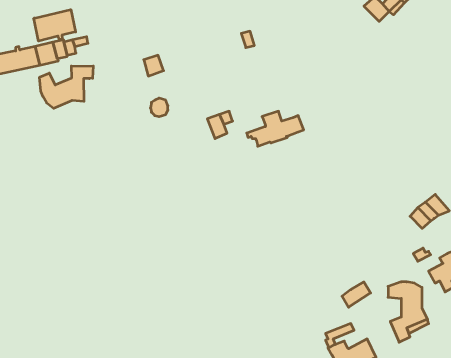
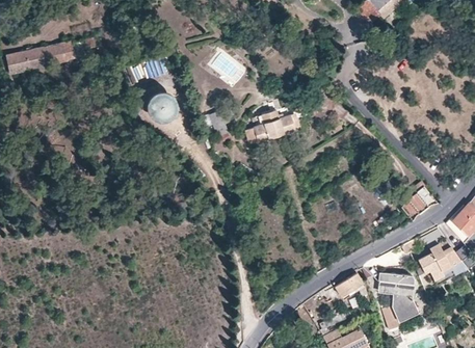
building: [34,10,76,41] -> none
building: [40,66,93,108] -> none

